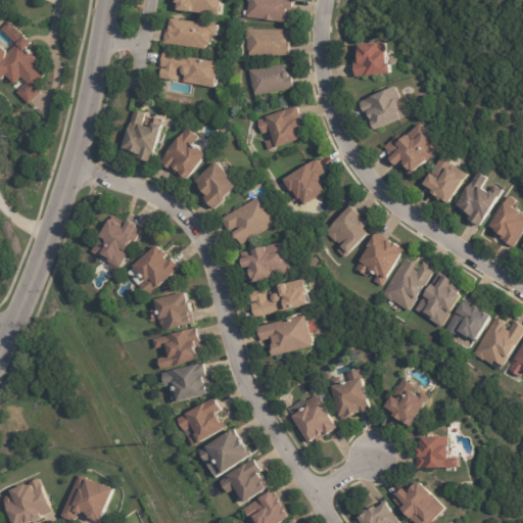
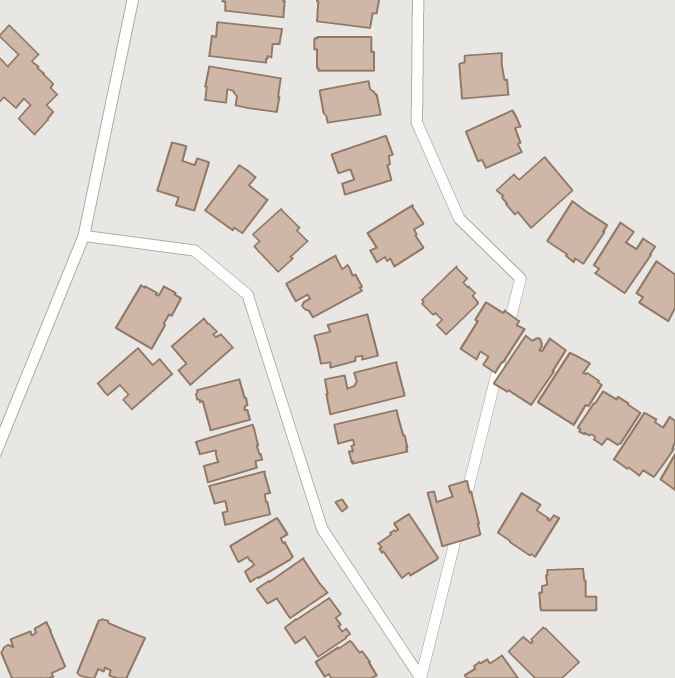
building: none -> [98,348,172,409]

